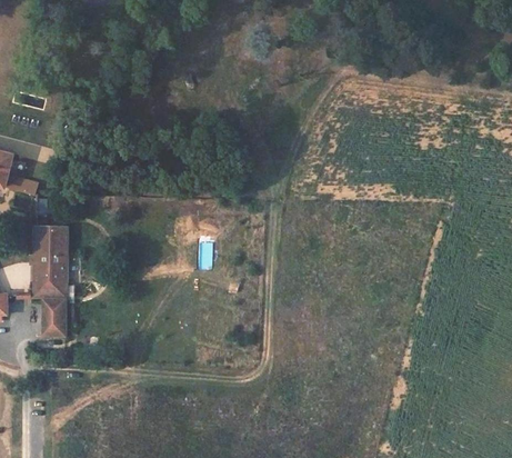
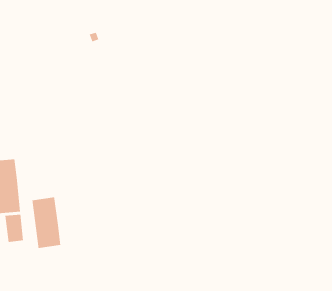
building: none -> [32,197,61,249]

